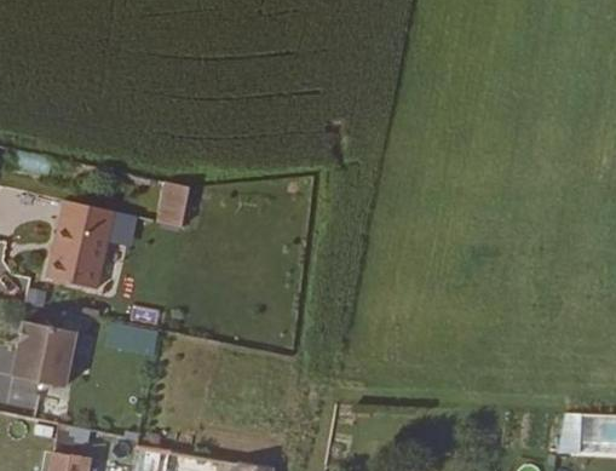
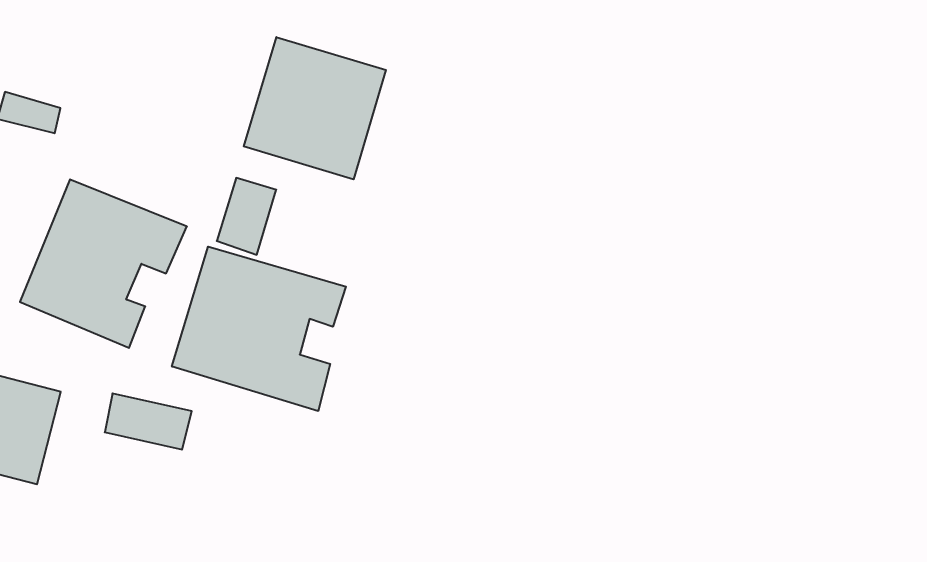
building: none -> [244,37,386,179]
building: none -> [172,247,346,411]

